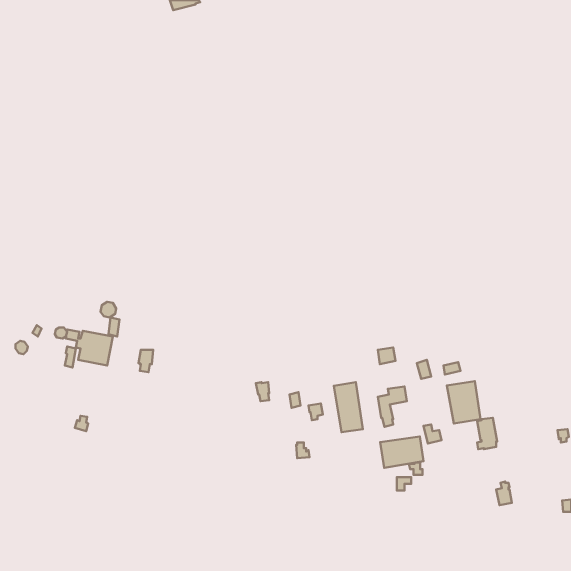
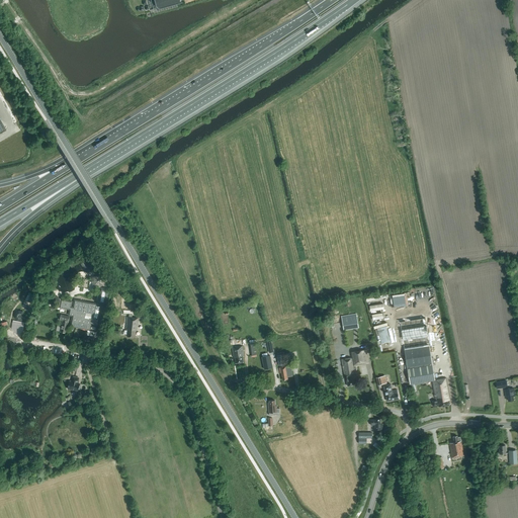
building: [334,382,363,432] -> none
building: [380,437,424,468] -> none

